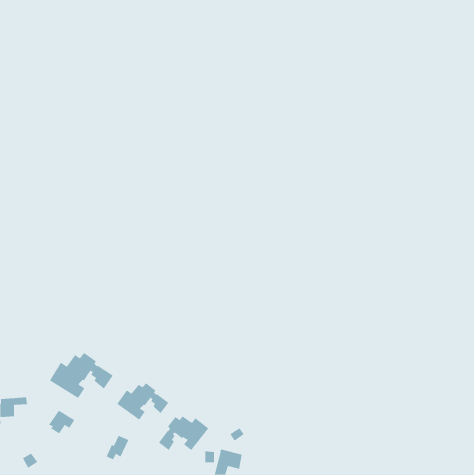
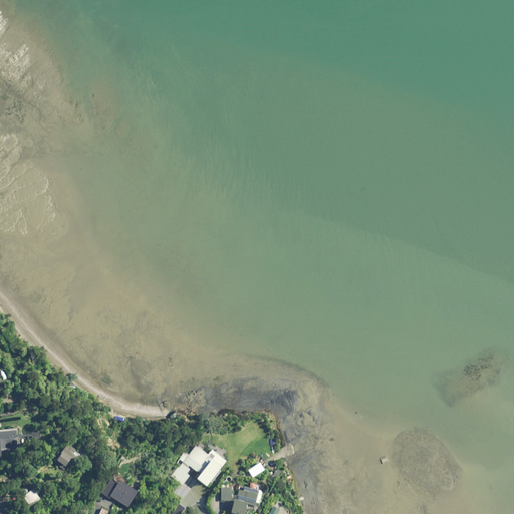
building: [49,352,113,399] -> none
building: [116,382,169,420] -> none

